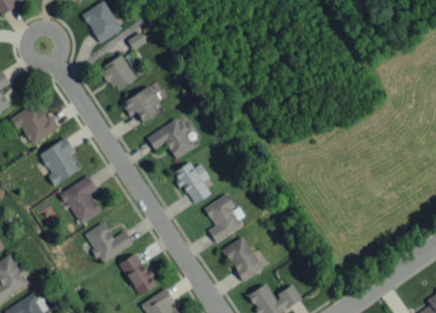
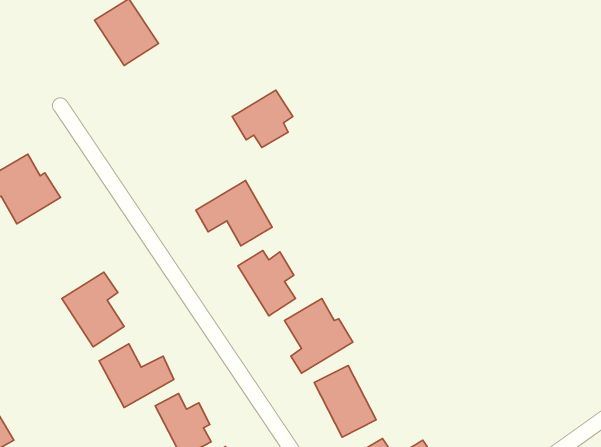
building: [102,56,136,91] -> none
building: [122,86,161,123] -> [232,90,293,148]
building: [39,138,81,185] -> none

